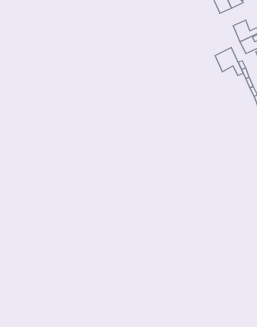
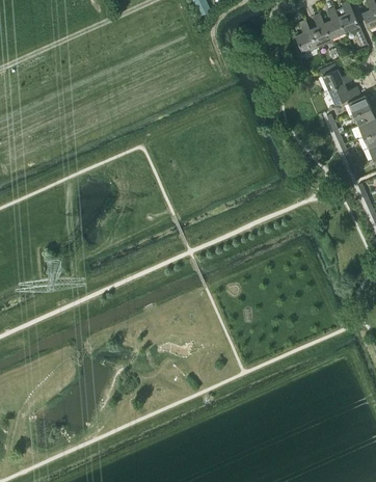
building: [215,47,243,76] -> none

